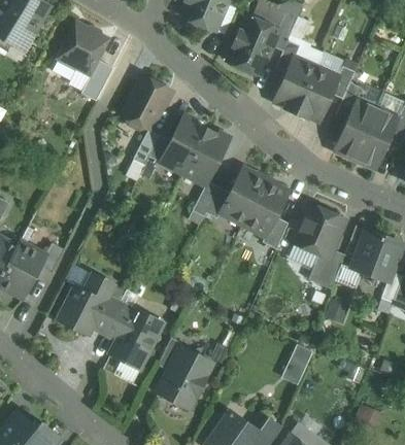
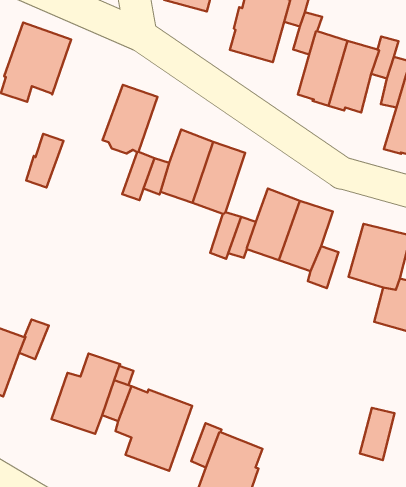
building: [81,60,113,100] -> [26,134,64,187]

